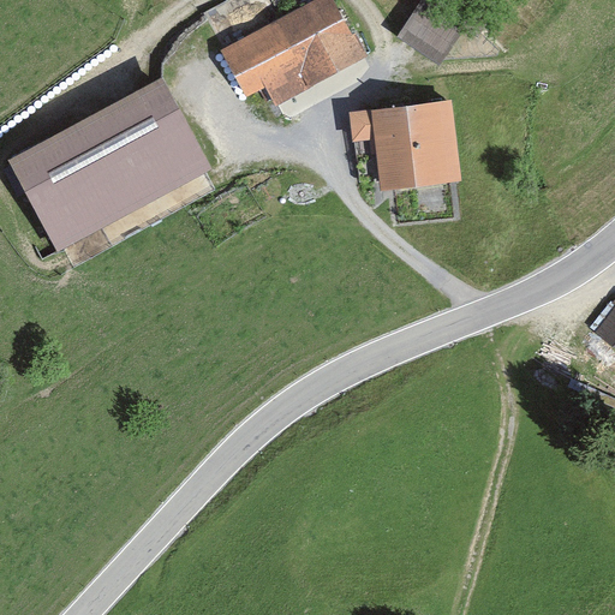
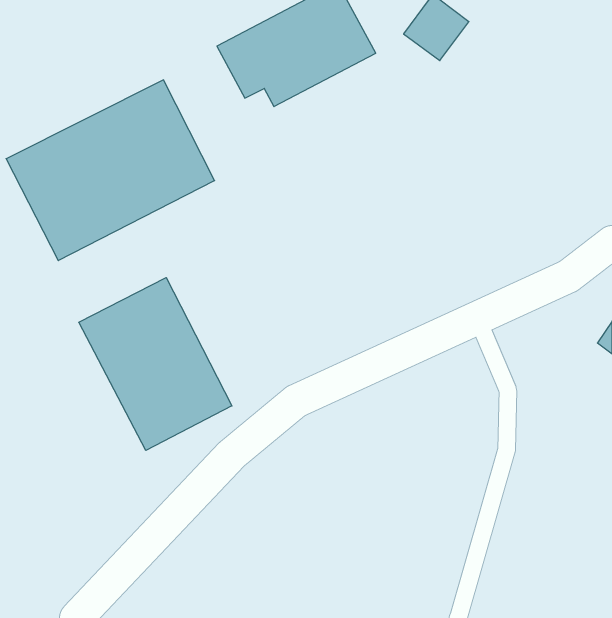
building: [347,100,461,191] -> none
building: none -> [79,278,232,450]

